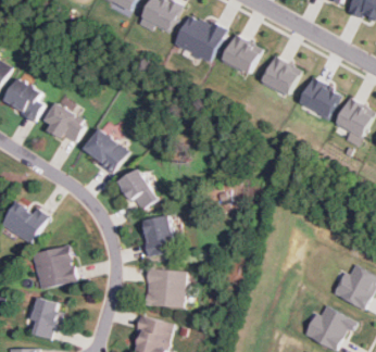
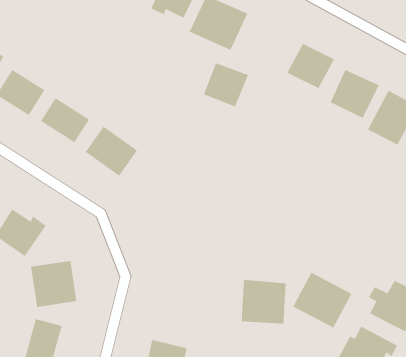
building: [221,35,261,74] -> [203,63,249,107]
building: [118,168,156,212] -> none
building: [142,216,173,256] -> none
building: none -> [293,272,352,328]
building: [145,268,185,307] -> [241,280,287,324]

